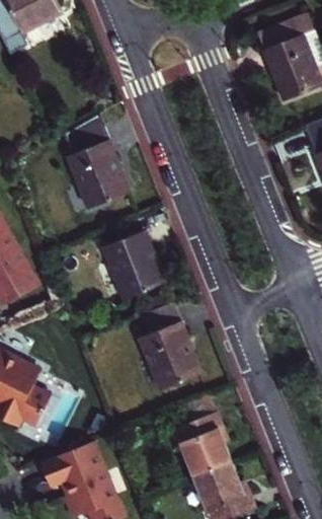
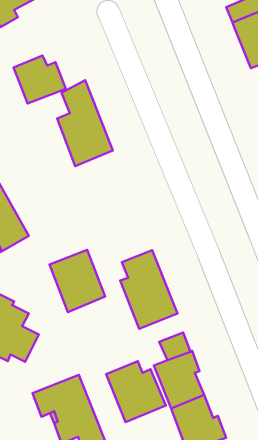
building: none -> [14,55,66,103]
building: [104,231,166,300] -> [50,250,105,312]
building: none -> [106,361,166,422]

